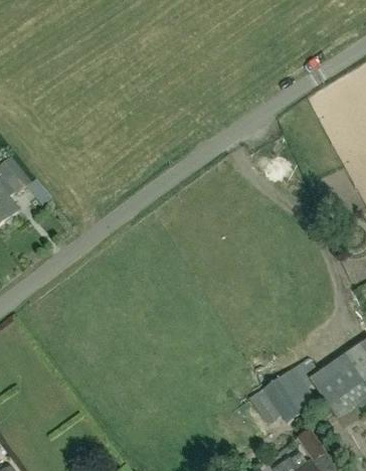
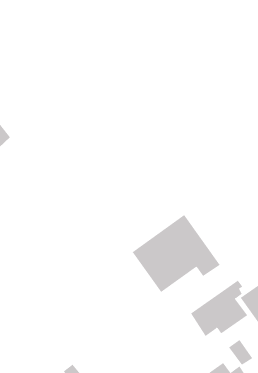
building: none -> [132,214,221,293]

